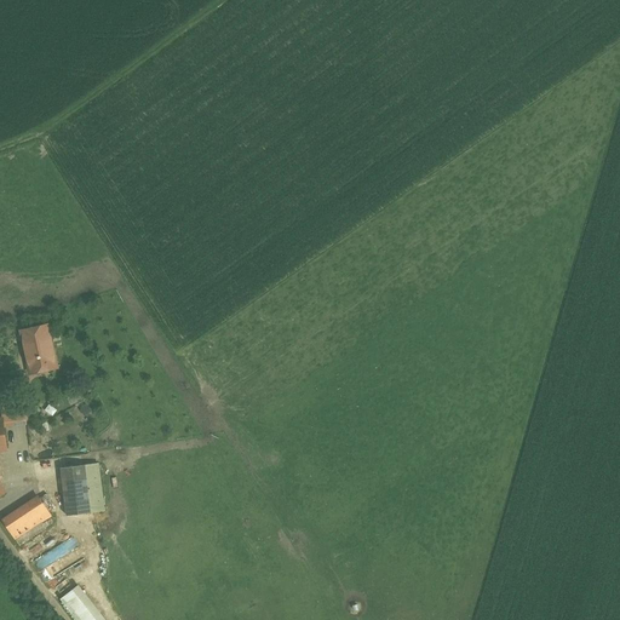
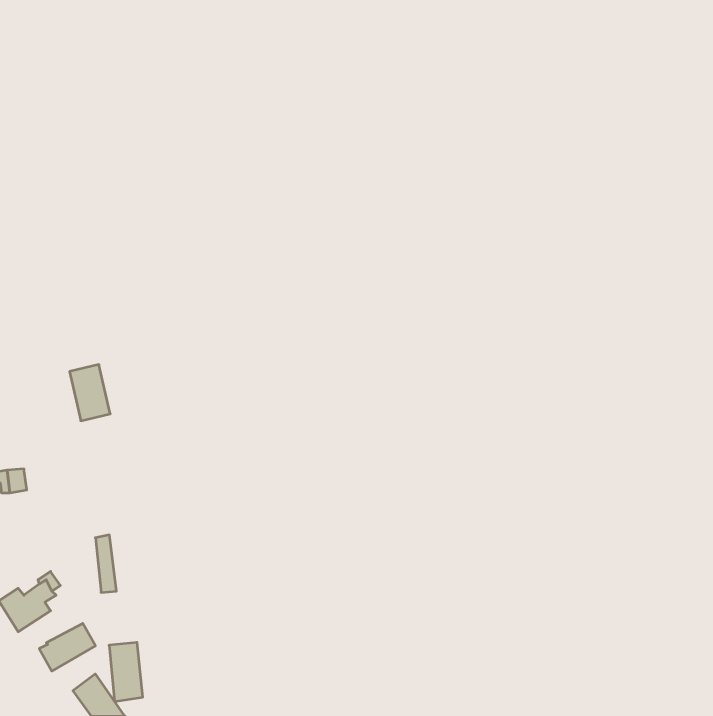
building: [18,323,53,372] -> [70,365,110,421]
building: [58,464,87,515] -> [109,642,143,701]

